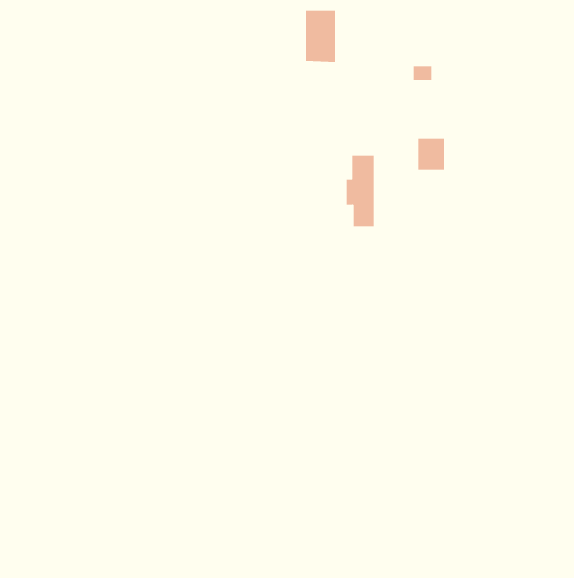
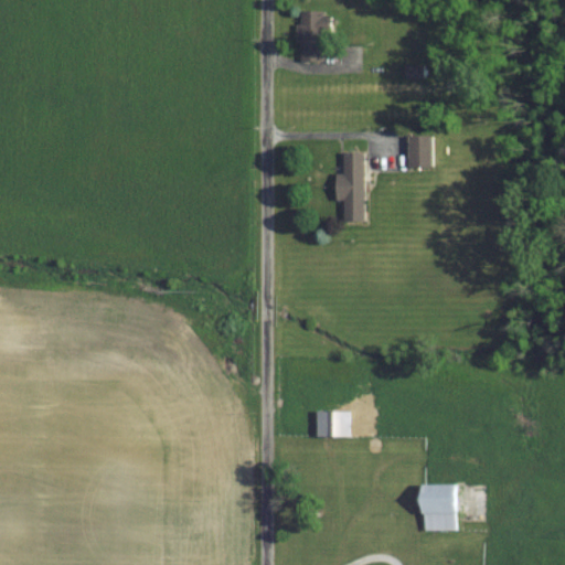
building: none -> [311,412,337,438]
building: none -> [424,484,457,530]

